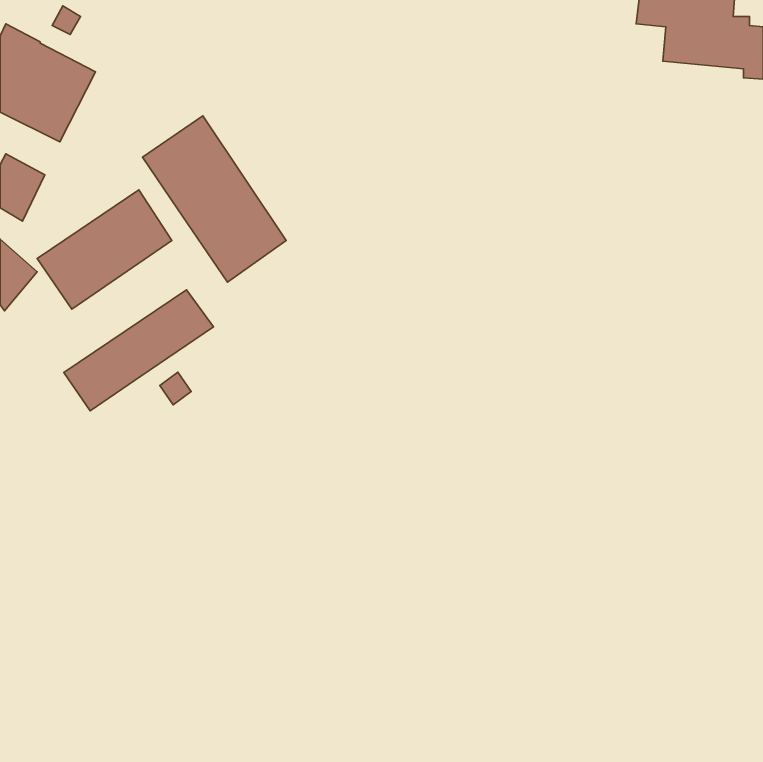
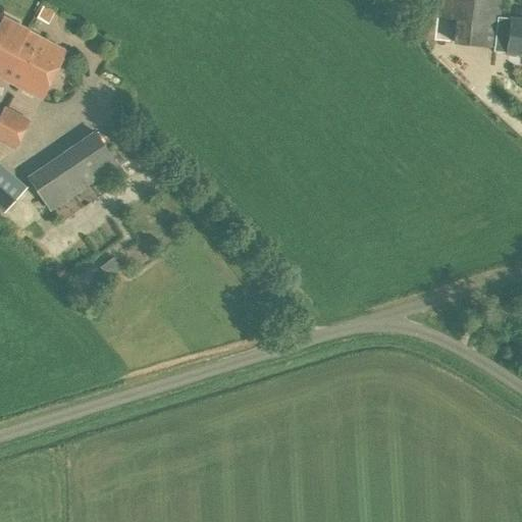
building: [142,116,286,282] -> none
building: [64,290,213,411] -> none

